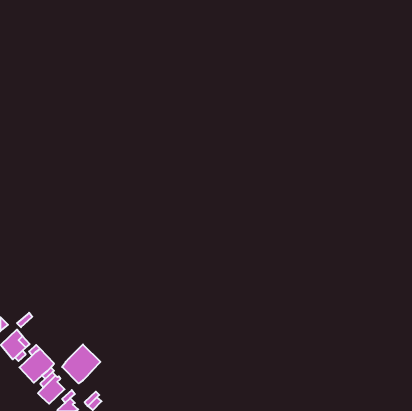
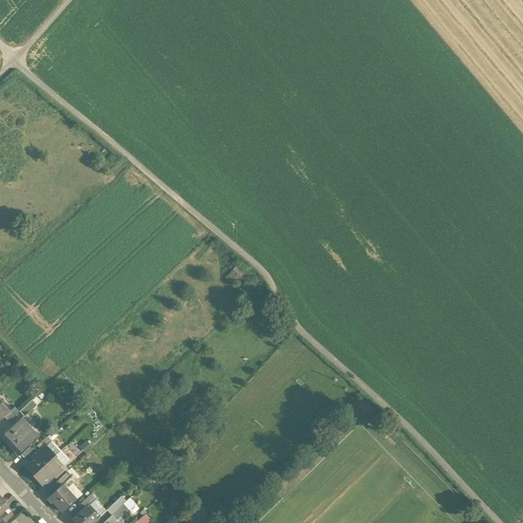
building: [62,344,100,383] -> none

